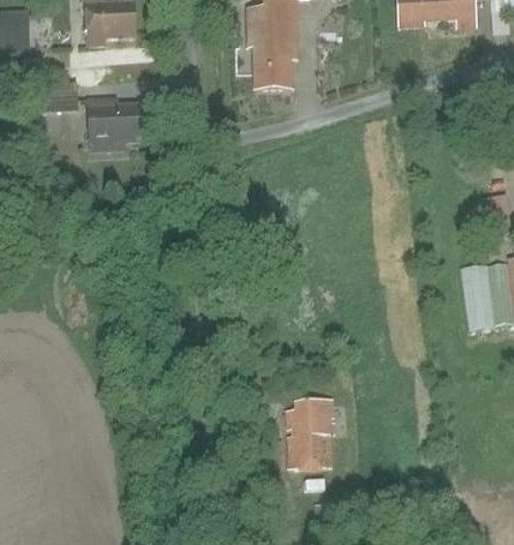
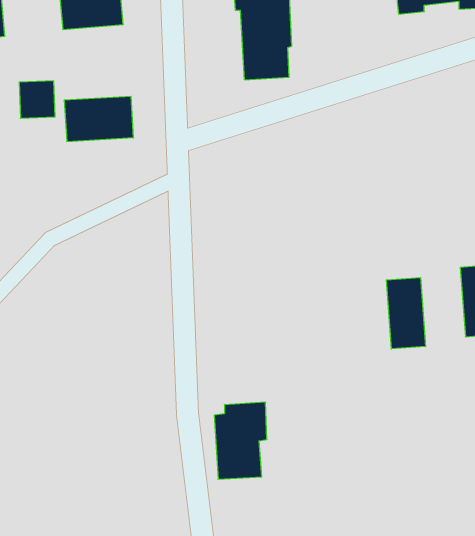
building: none -> [386,278,425,349]
building: [283,396,333,468] -> [214,402,267,479]

